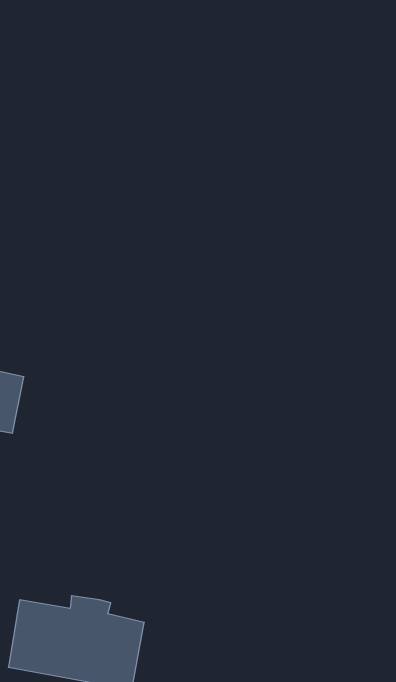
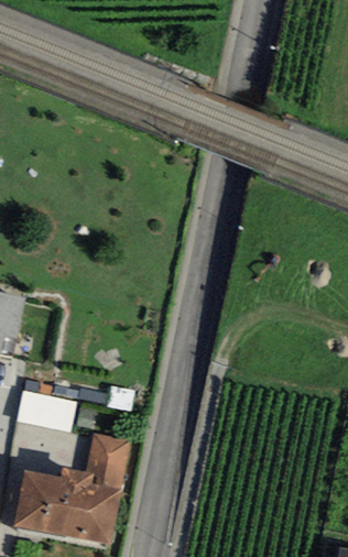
building: none -> [17,392,77,434]
building: none -> [85,434,130,490]

